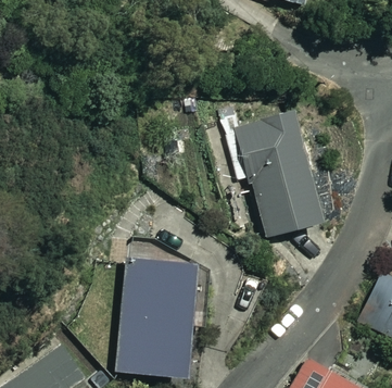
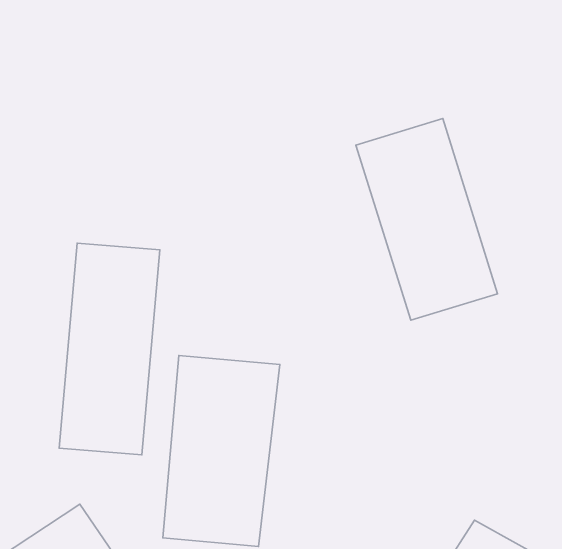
building: none -> [59,243,160,455]

